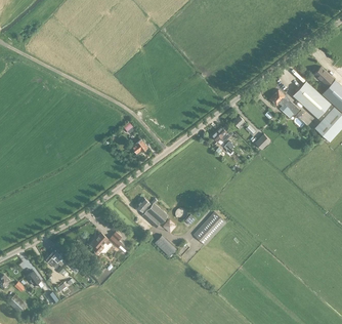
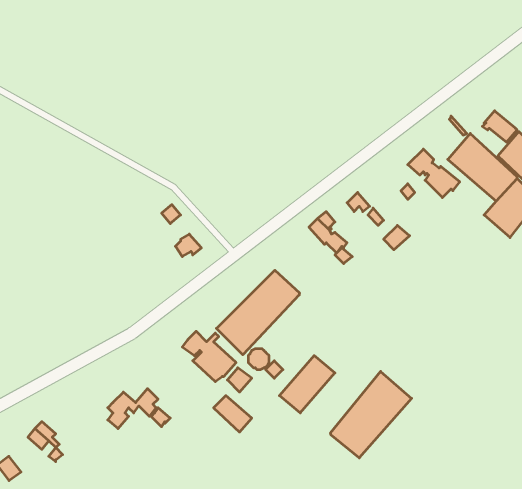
building: none -> [216,270,299,355]
building: none -> [331,371,412,458]

